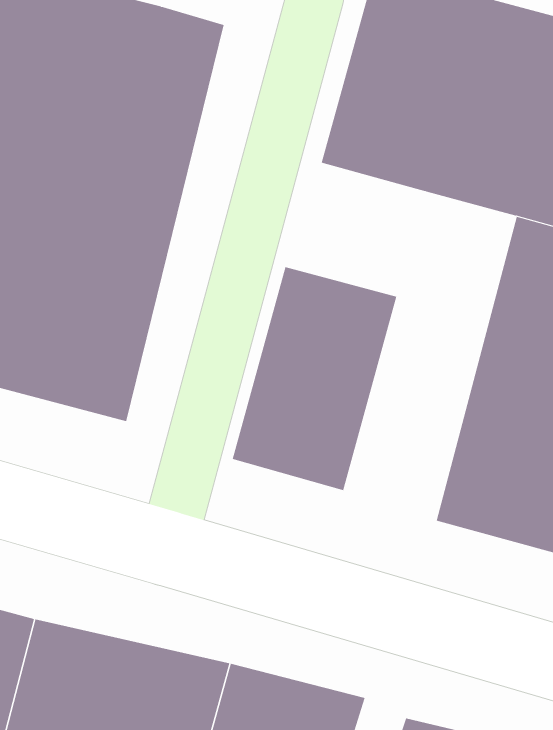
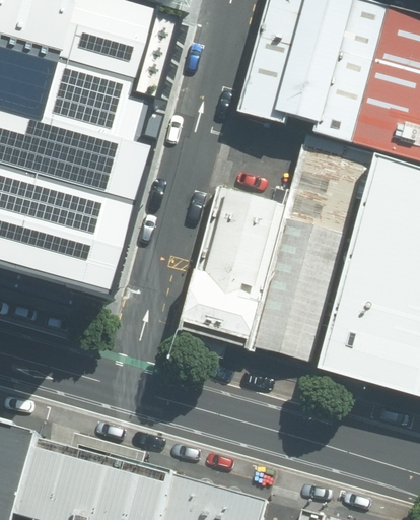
building: none -> [255,136,368,363]

